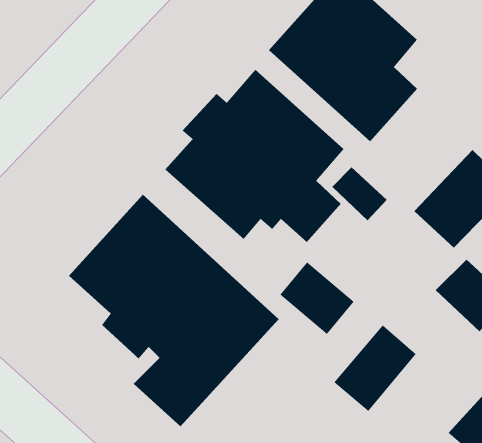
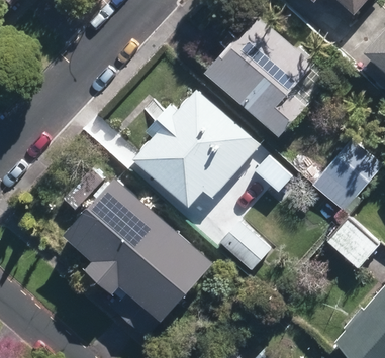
building: [334,324,416,412] -> none

